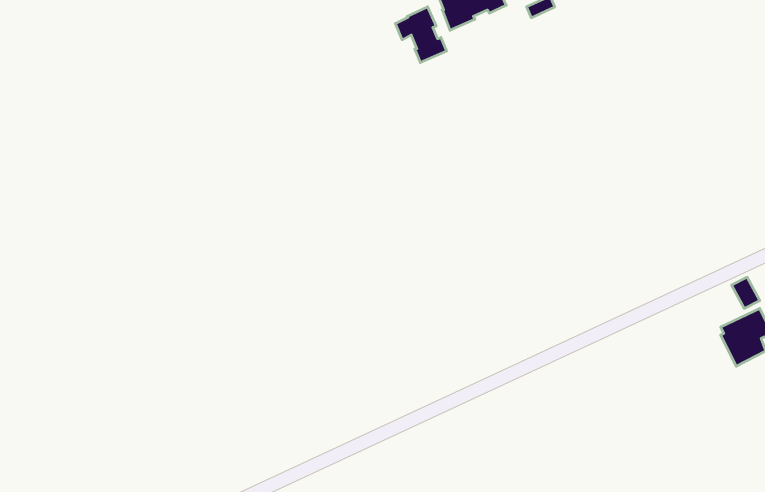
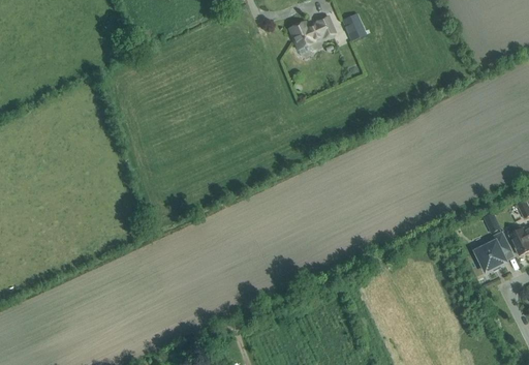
building: [395,7,447,63] -> none

